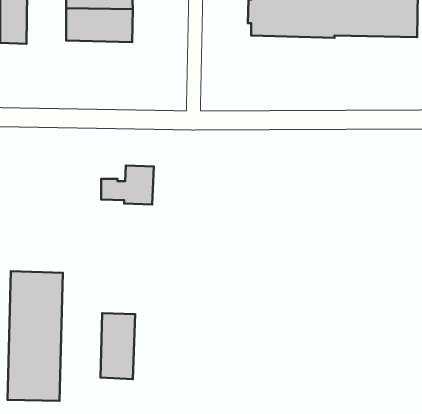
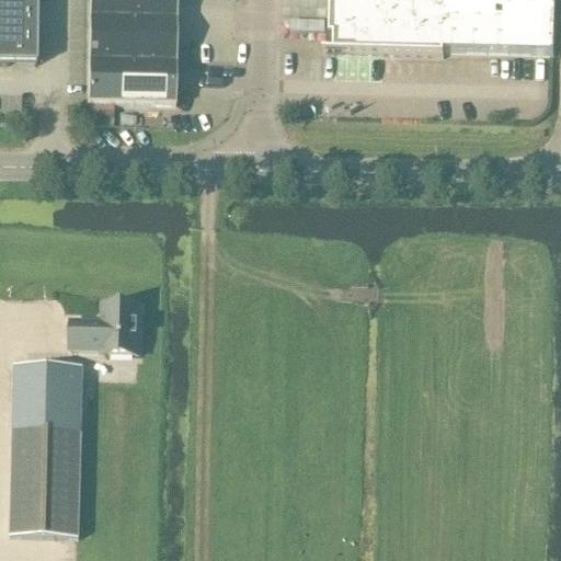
building: none -> [87,54,175,100]
building: [101,166,154,204] -> [70,298,140,350]
building: [101,313,135,379] -> none

